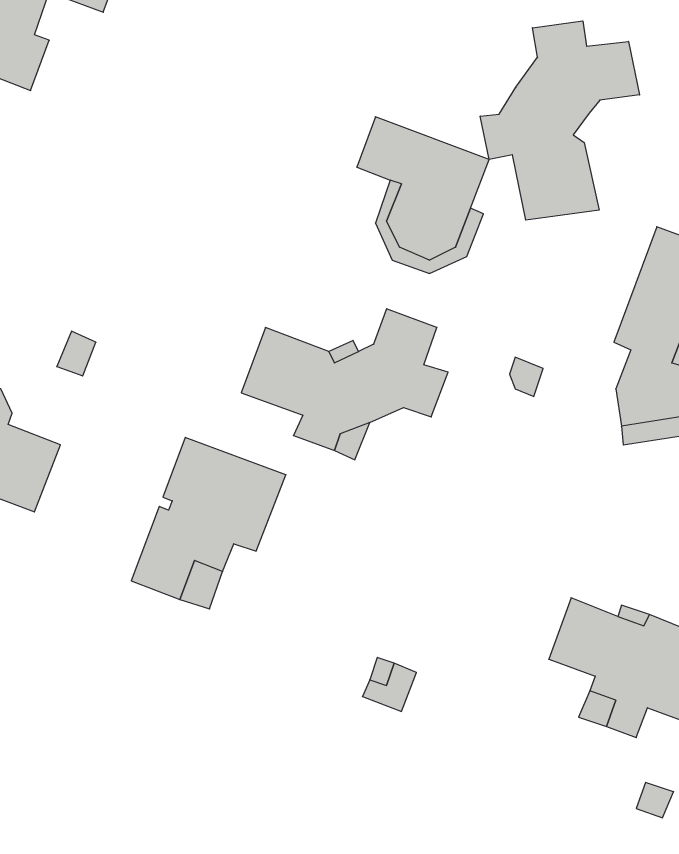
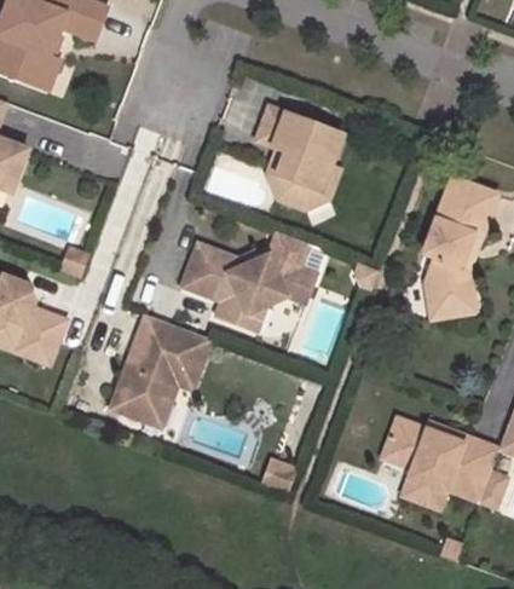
building: [480,21,640,220] -> none

